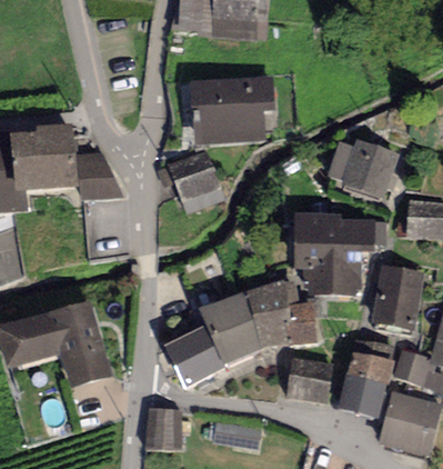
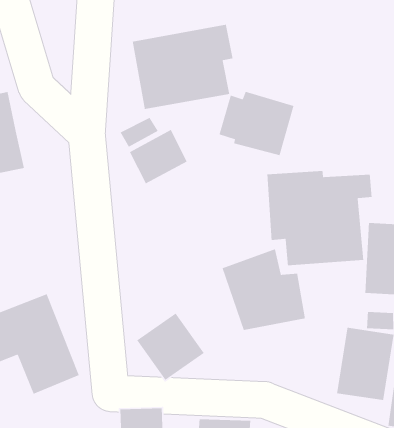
building: [328,138,396,198] -> [219,91,295,156]
building: [78,152,123,198] -> none
building: [198,291,261,365] -> none
building: [285,356,333,402] -> none

